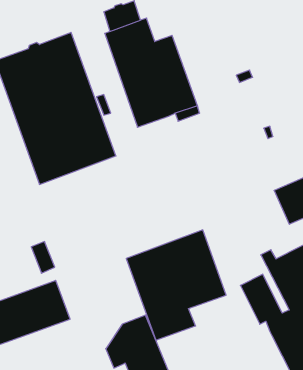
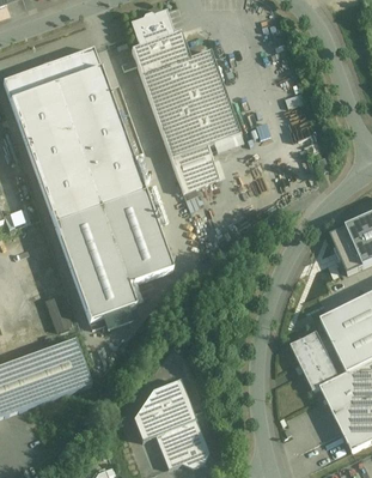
building: none -> [170,146,219,194]
building: [126,230,226,340] -> [55,193,172,322]

